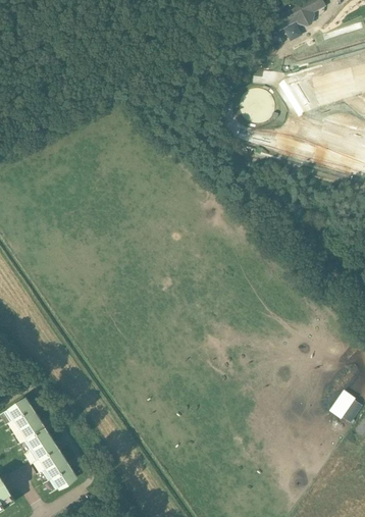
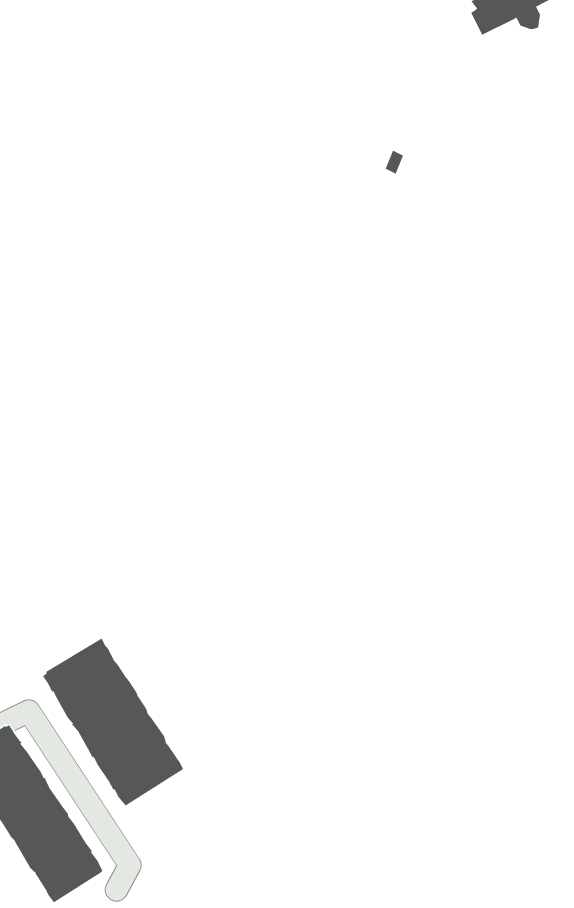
building: none -> [42,637,184,806]

